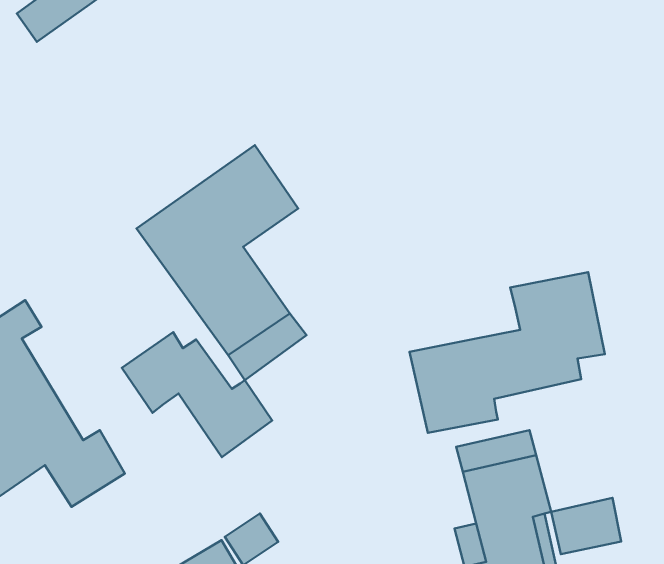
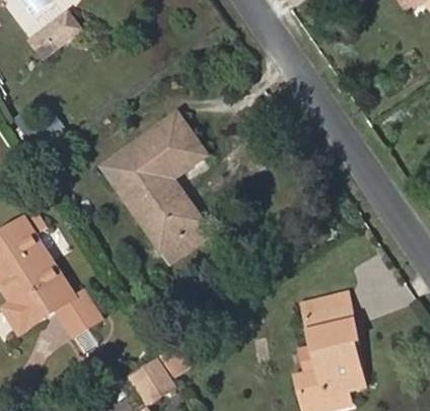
building: [409,272,605,433] -> none
building: [122,332,272,457] -> none
building: [551,498,621,554] -> none

